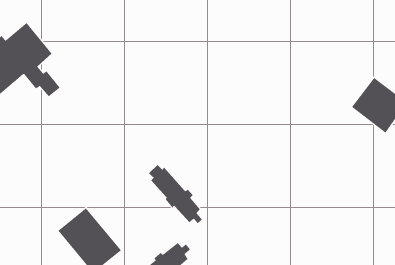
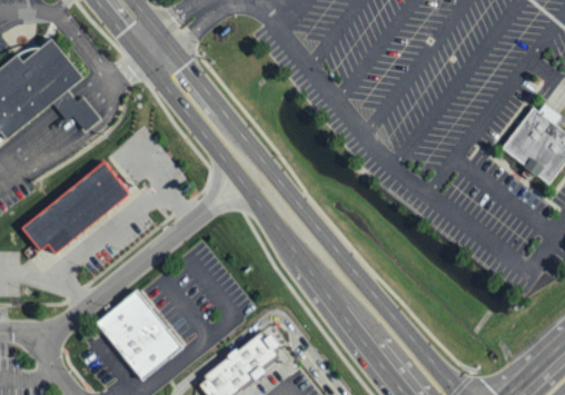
building: none -> [21,160,129,256]
building: [148,164,203,224] -> none

